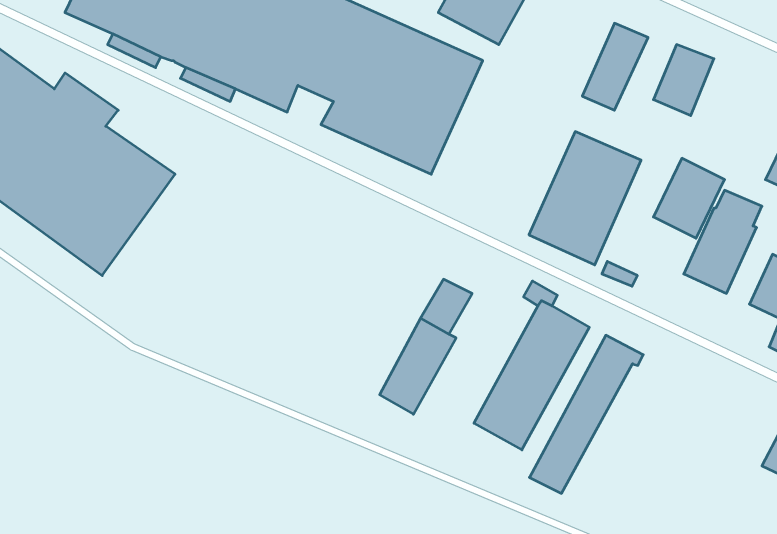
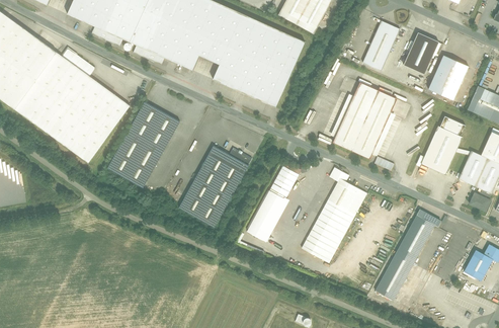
building: [653,158,725,238] -> [427,54,468,99]
building: none -> [108,101,180,187]
building: none -> [182,145,253,226]
building: [529,335,643,493] -> [376,209,440,299]

